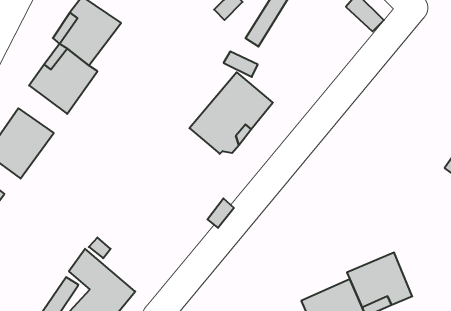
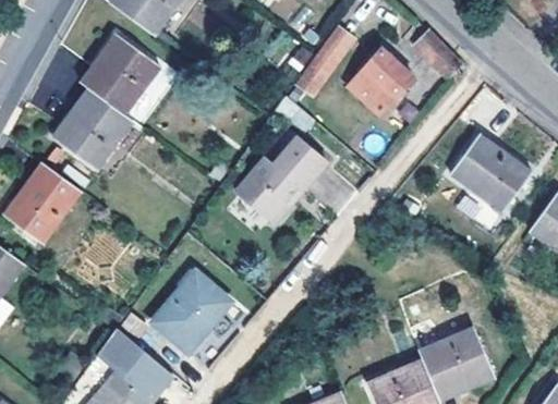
building: none -> [347,48,412,113]
building: none -> [451,137,531,212]
building: none -> [156,270,233,352]

